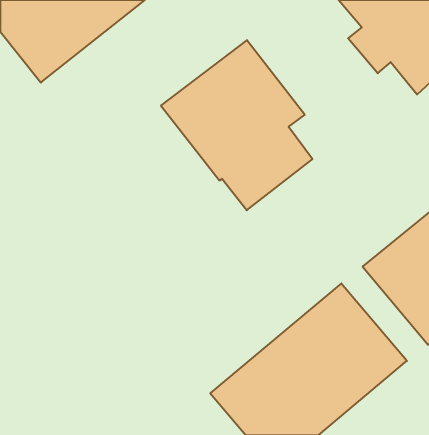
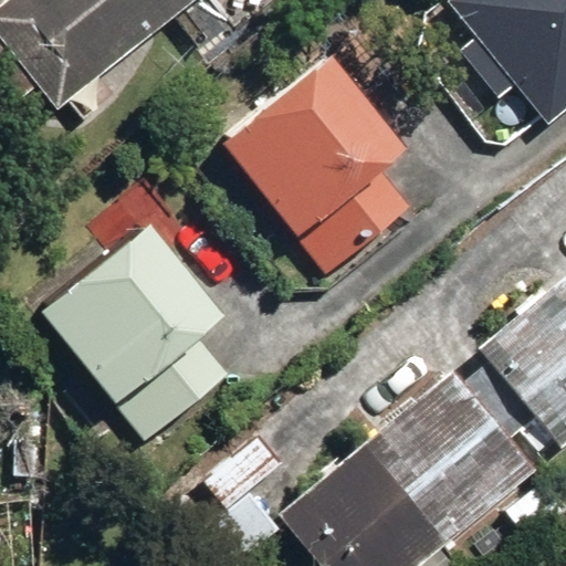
building: none -> [39,218,233,441]

